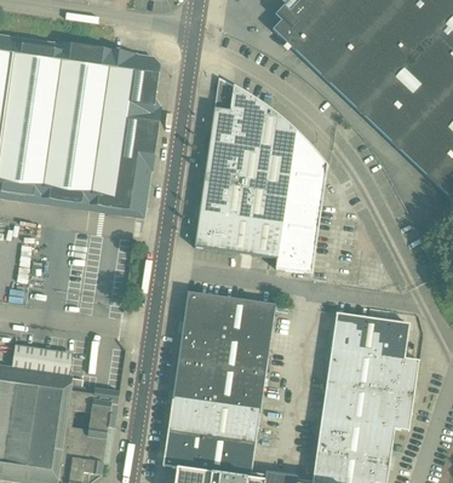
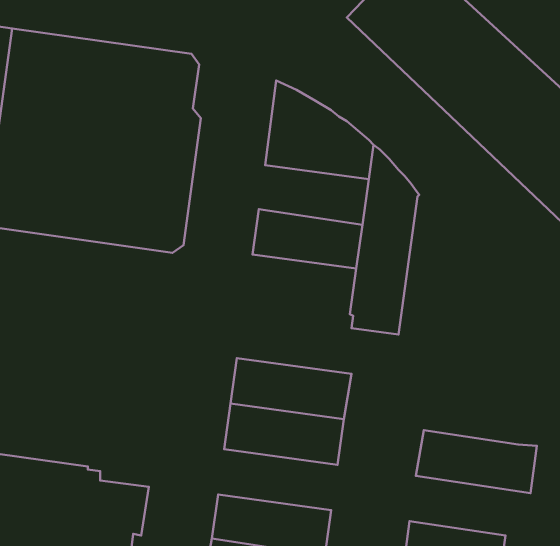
building: [205,142,289,188] -> none
building: [194,211,280,257] -> none
building: [332,312,409,357] -> none
building: [173,361,265,408] -> none
building: [321,381,414,430] -> none

